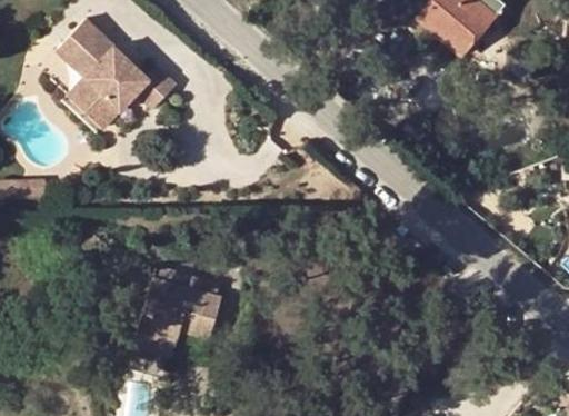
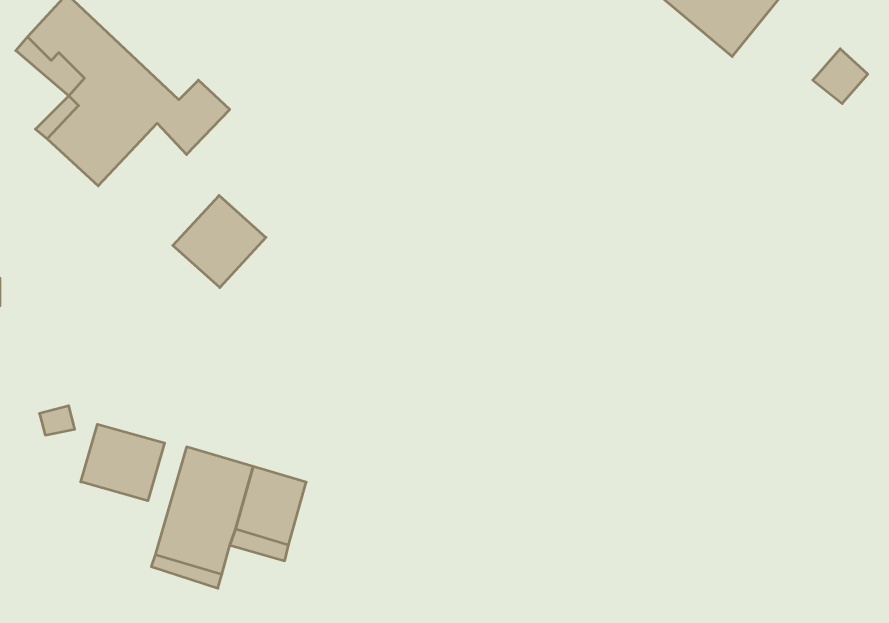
building: none -> [173,195,266,288]
building: none -> [81,424,165,501]

